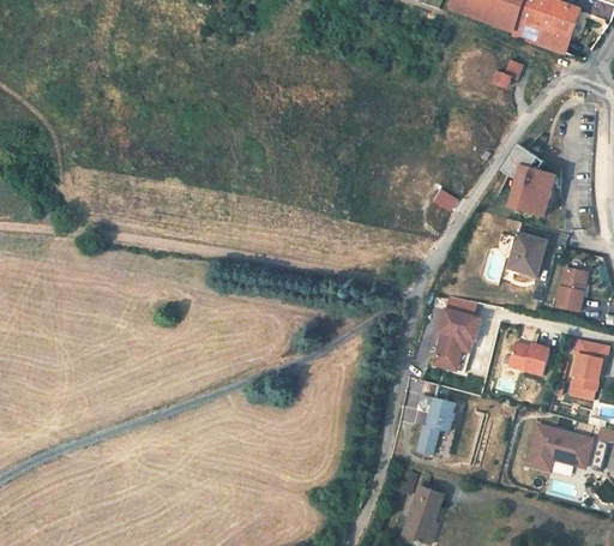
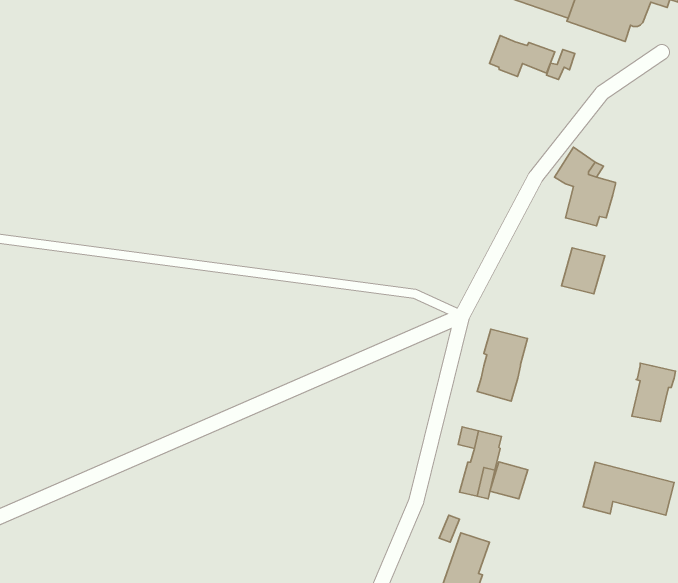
building: none -> [490,36,555,77]
building: [555,268,586,311] -> none
building: [508,341,549,373] -> none
building: none -> [490,462,528,499]

